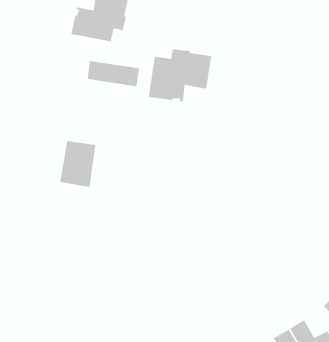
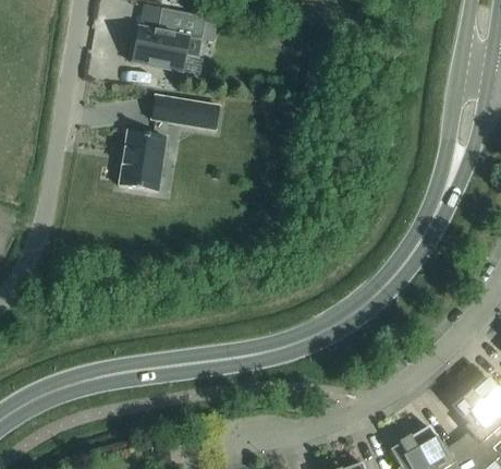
building: [148,49,212,102] -> none
building: [60,140,96,187] -> [120,131,167,191]

